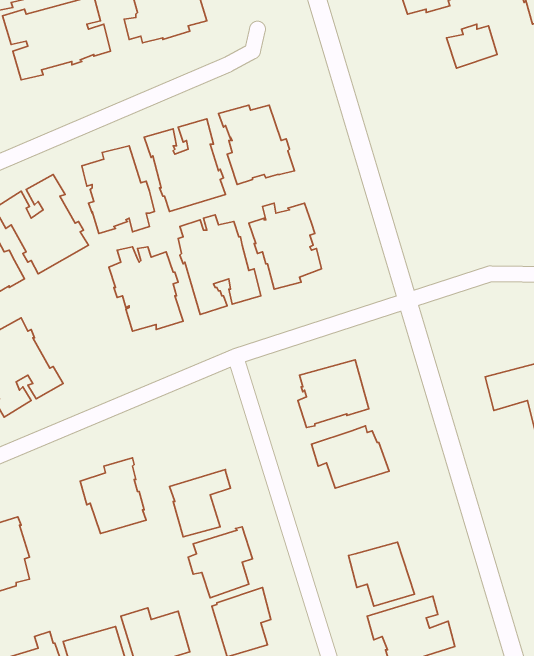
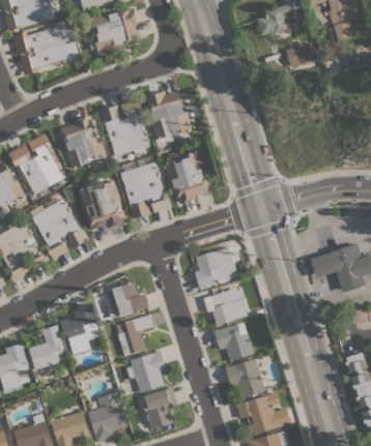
building: none -> [29,198,87,260]
building: none -> [105,283,148,318]
building: none -> [213,323,253,361]
building: none -> [28,325,64,370]

